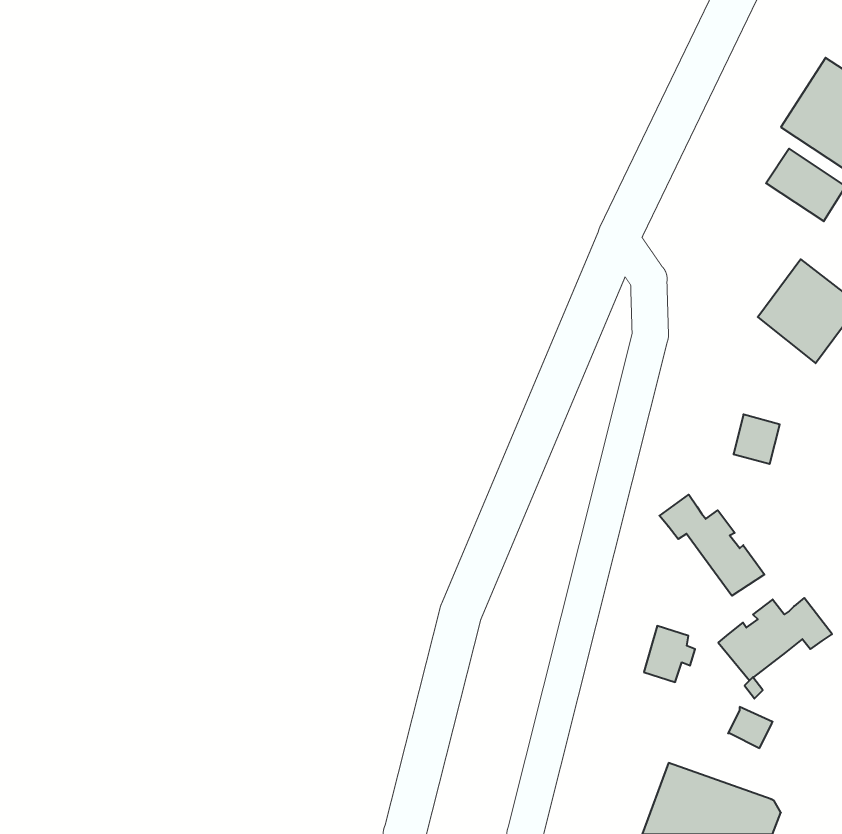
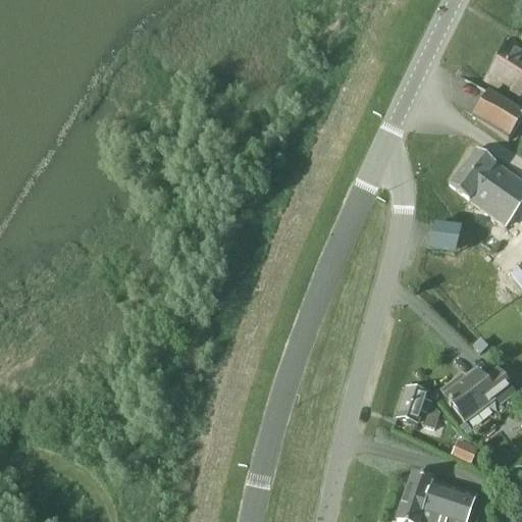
building: none -> [451,146,495,196]
building: [733,414,780,464] -> [432,221,461,252]
building: [659,495,764,596] -> none

